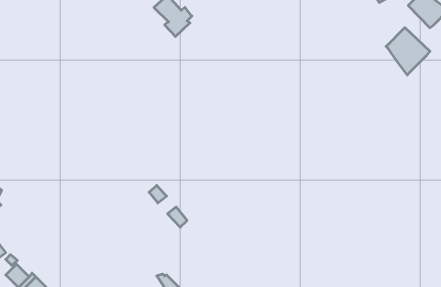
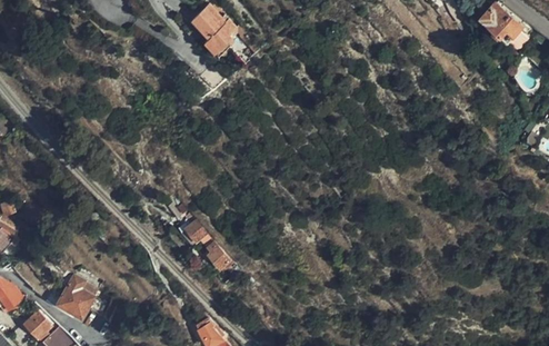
building: [386,28,430,75] -> none
building: none -> [56,278,97,318]

